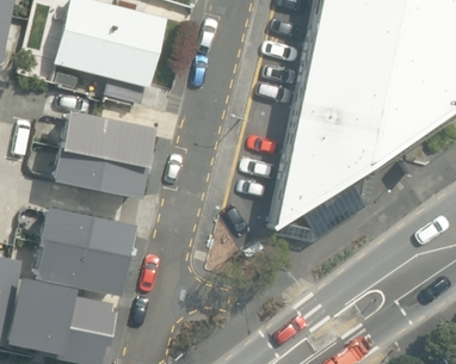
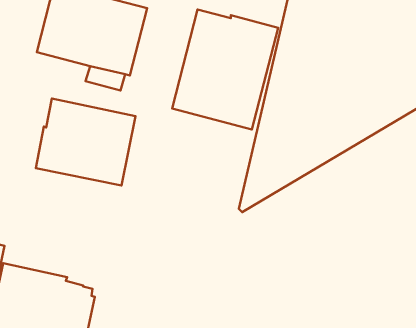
building: none -> [172,9,278,129]
building: [36,208,138,297] -> none

